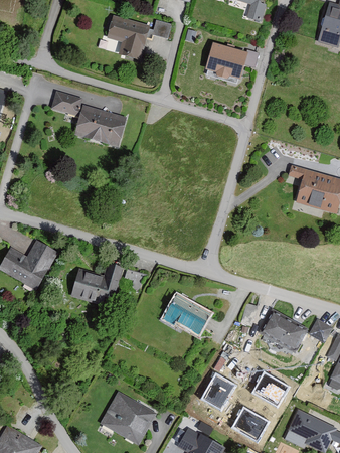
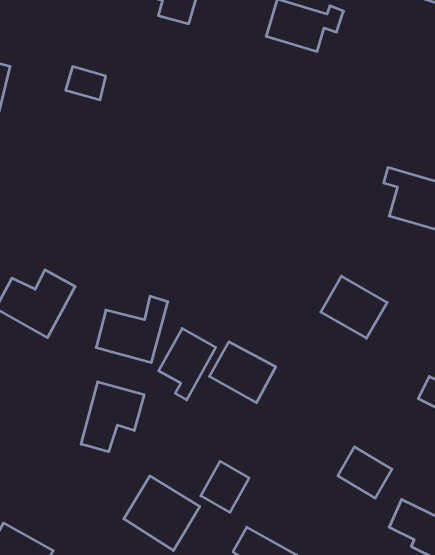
building: [78,107,130,148] -> none
building: none -> [159,328,216,400]
building: [259,308,307,353] -> [321,276,387,338]
building: none -> [81,382,144,452]
building: [201,371,236,409] -> [201,461,249,512]
building: [231,405,270,440] -> none

